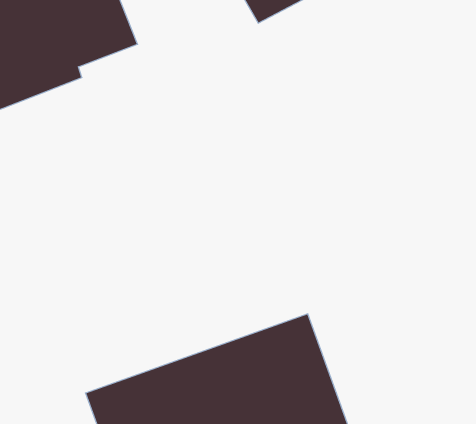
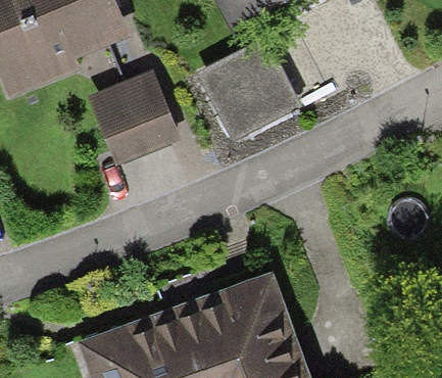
building: none -> [197,37,297,139]
building: none -> [83,70,180,163]

